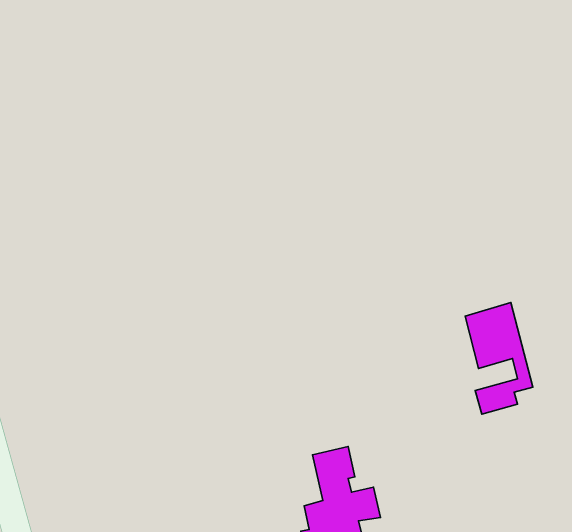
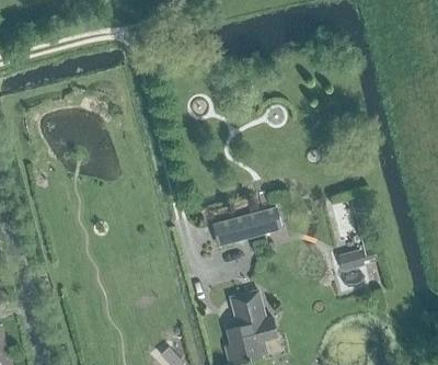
building: none -> [212,207,281,246]

